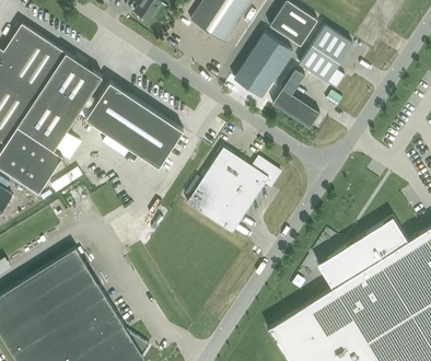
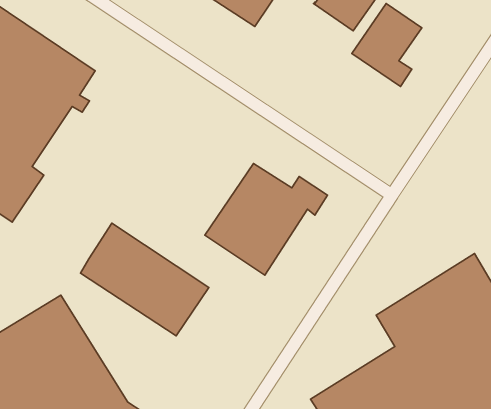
building: [234,33,292,96] -> none
building: [272,69,319,128] -> none
building: [85,81,184,167] -> [80,223,209,336]

